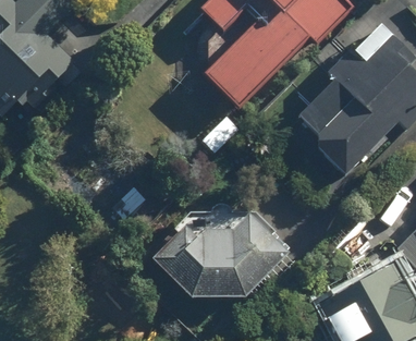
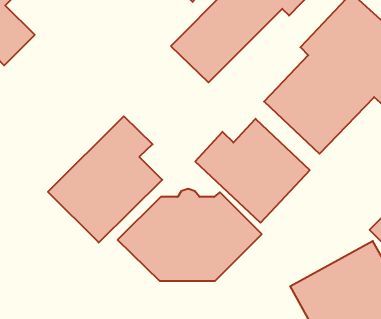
building: none -> [48,116,162,243]
building: none -> [195,119,310,223]

